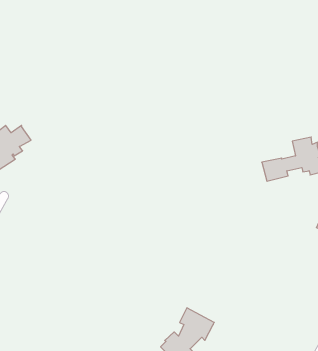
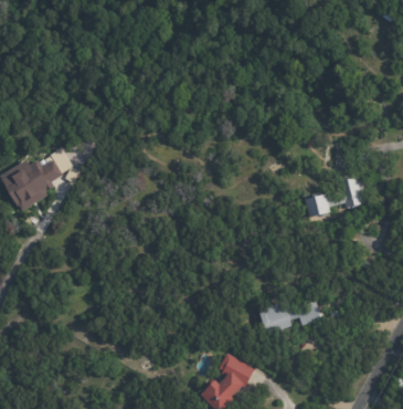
building: none -> [258,296,325,335]

